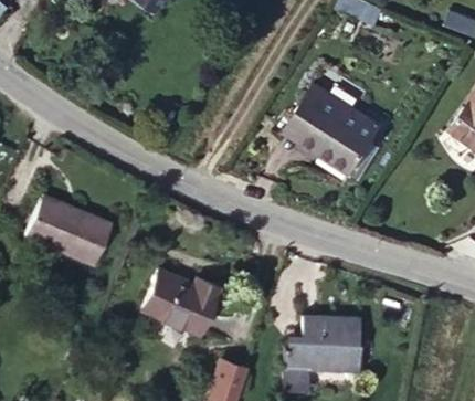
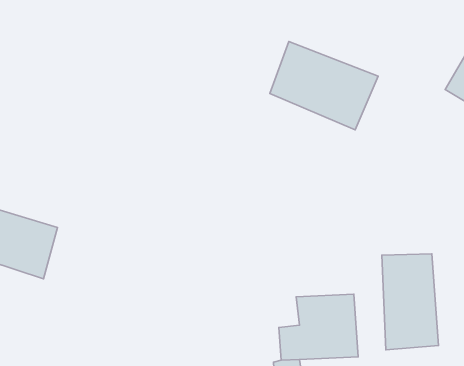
building: [146,271,220,330] -> none
building: none -> [382,254,439,350]

